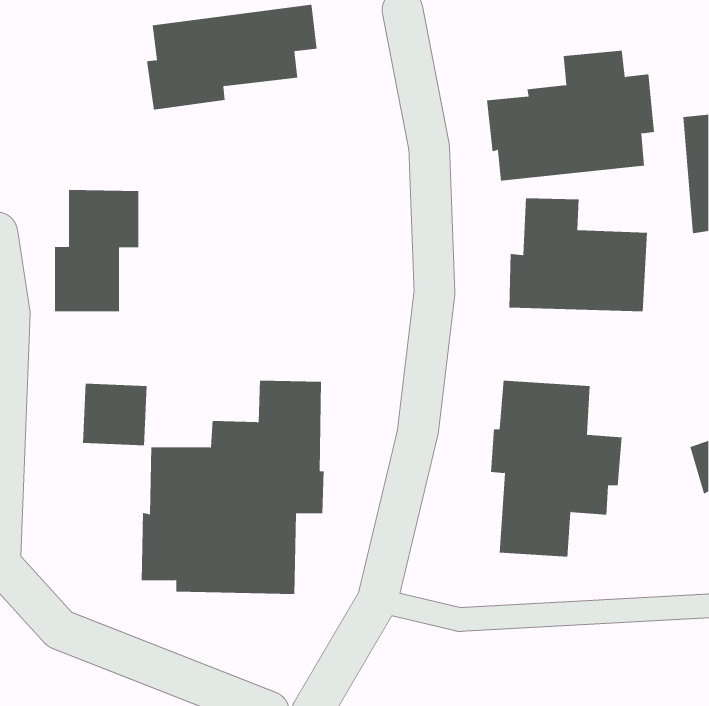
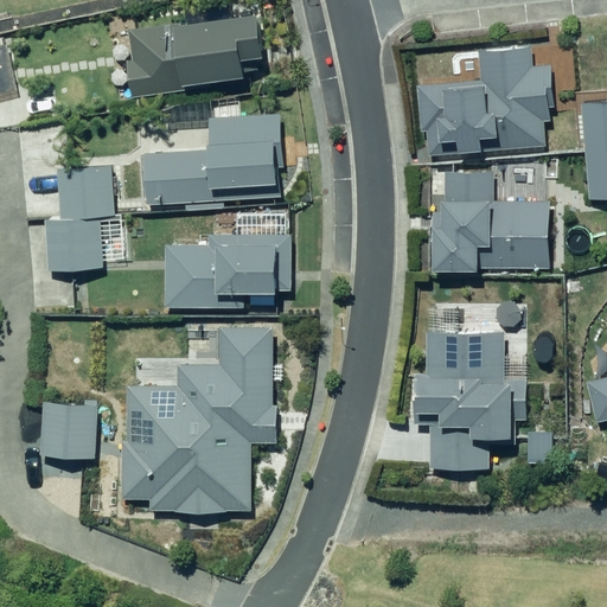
building: none -> [142,114,285,205]
building: none -> [165,236,290,309]
building: [82,383,147,446] -> [41,402,97,455]

